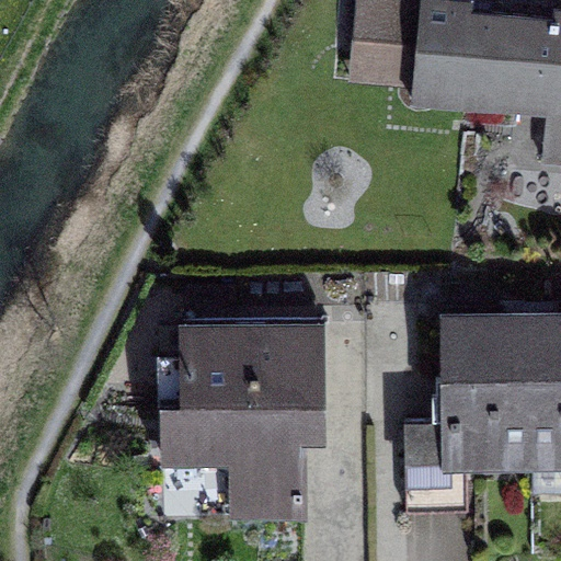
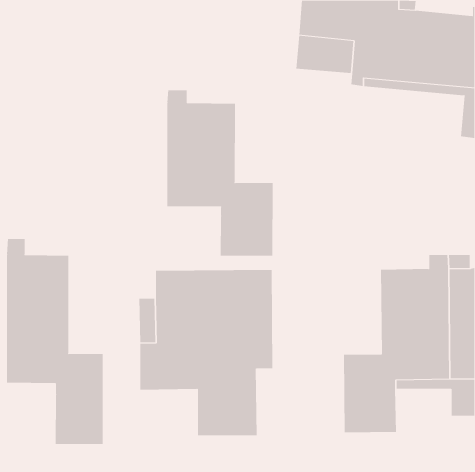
building: none -> [167,90,273,256]
building: none -> [7,238,103,445]

